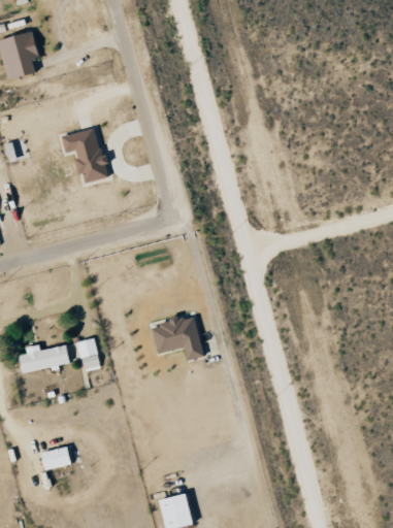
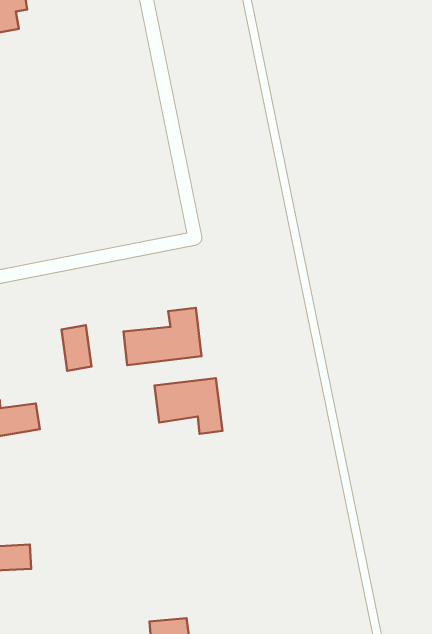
building: [62,133,109,183] -> none
building: none -> [123,308,202,365]
building: [76,337,100,371] -> [61,325,92,371]

